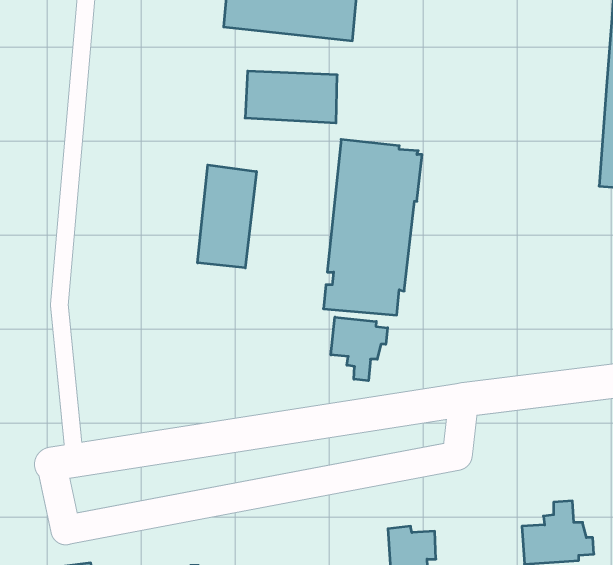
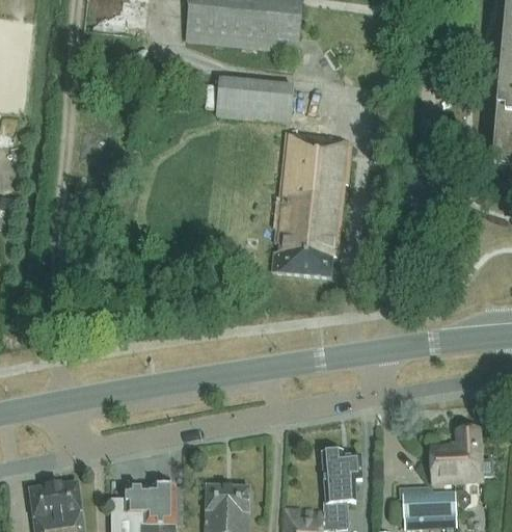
building: [198,165,256,268] -> none
building: [331,317,388,381] -> none

